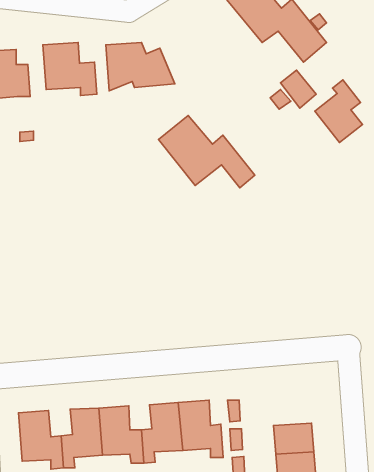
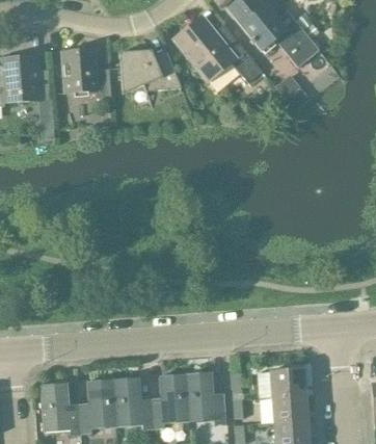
building: [315,80,362,143] -> none
building: [158,115,255,188] -> [174,17,262,82]
building: none -> [269,367,305,396]

